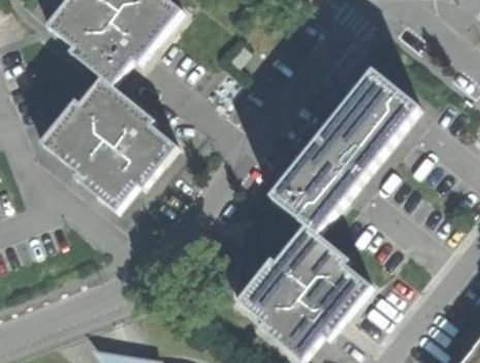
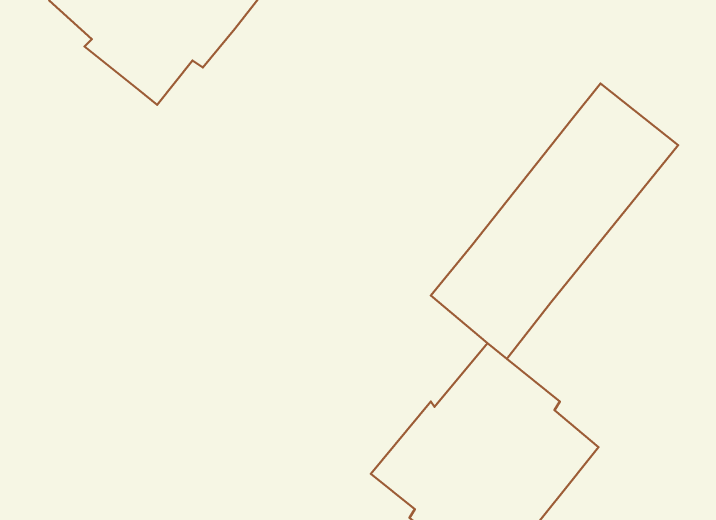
building: [42,79,175,212] -> none

